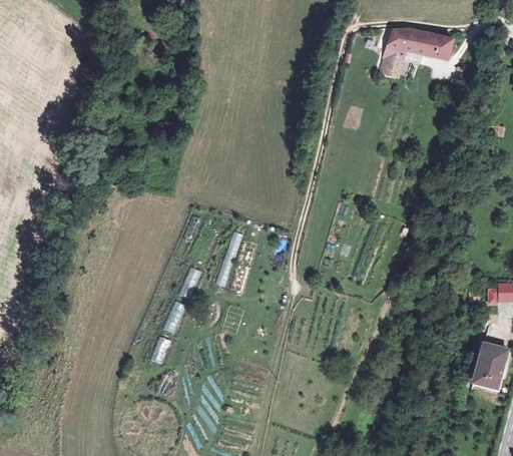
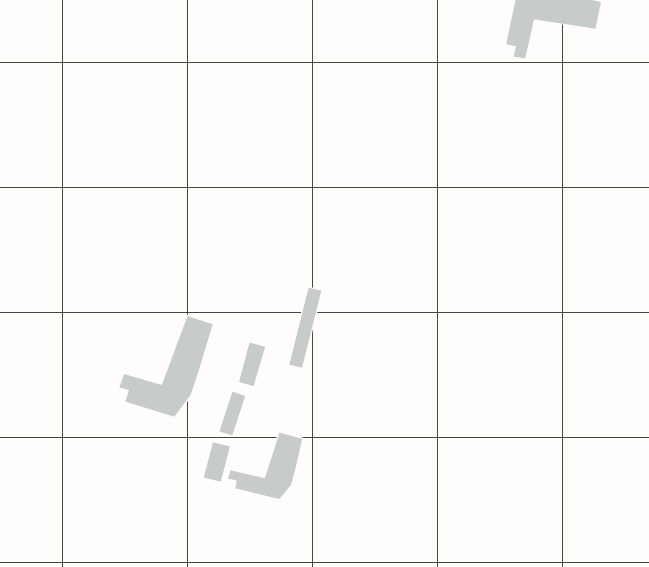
building: none -> [118,315,213,418]
building: none -> [227,432,303,500]

